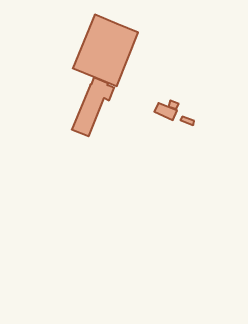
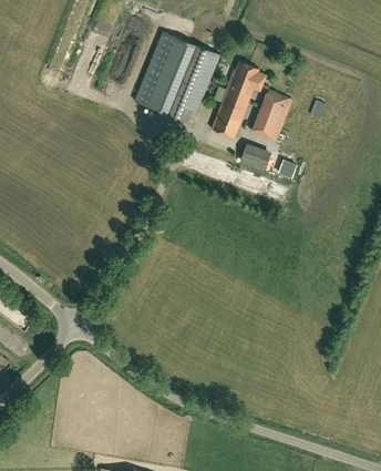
building: none -> [251,91,291,141]
building: [72,78,114,136] -> [210,62,266,139]

